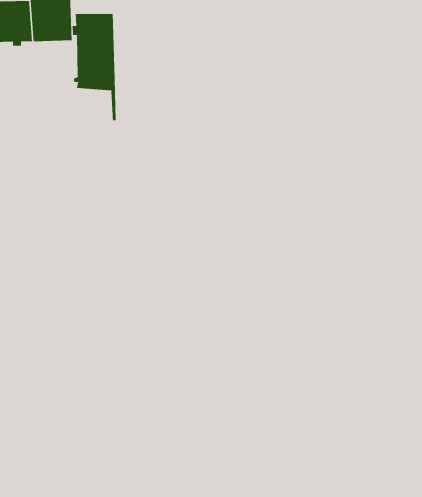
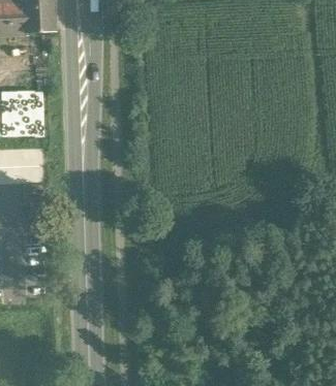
building: [72,13,116,121] -> none

